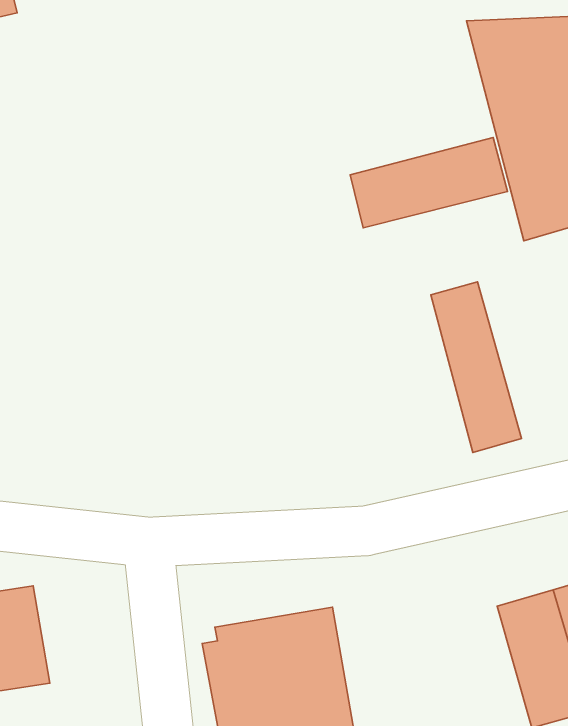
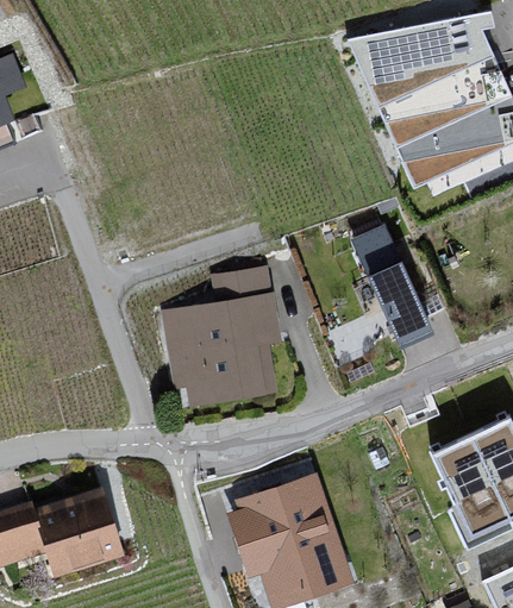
building: [350,137,507,228] -> none
building: none -> [158,265,277,409]

